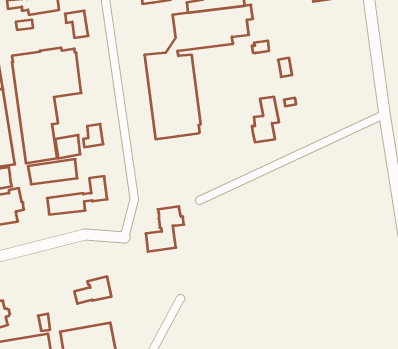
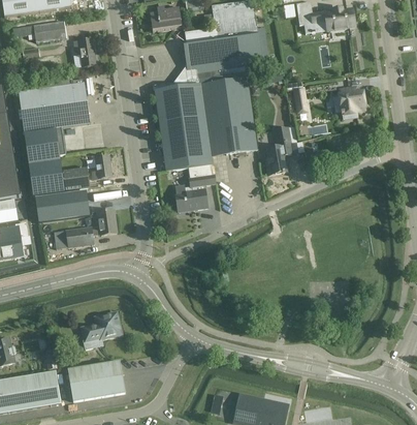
building: none -> [188,72,256,155]
building: none -> [333,88,364,118]
building: [146,206,184,252] -> [175,164,215,211]

